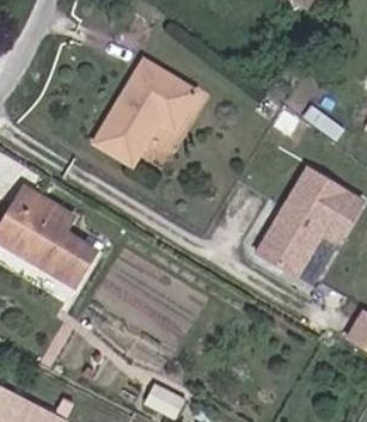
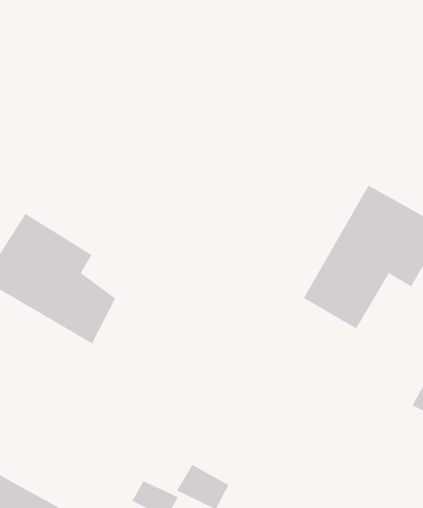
building: [90,56,198,172] -> none

